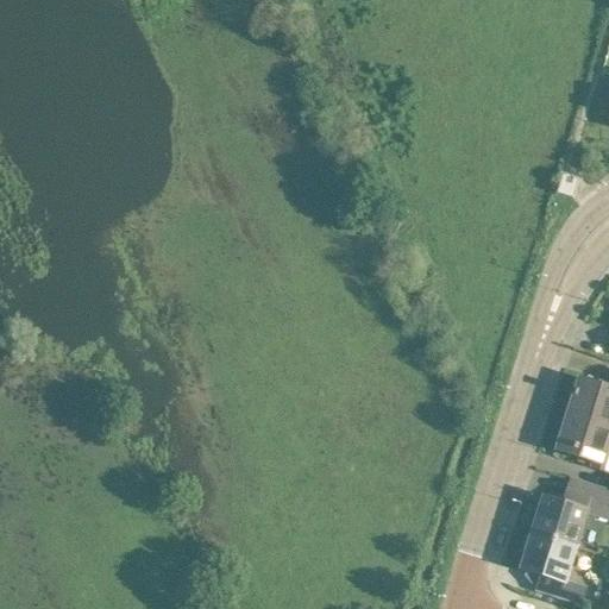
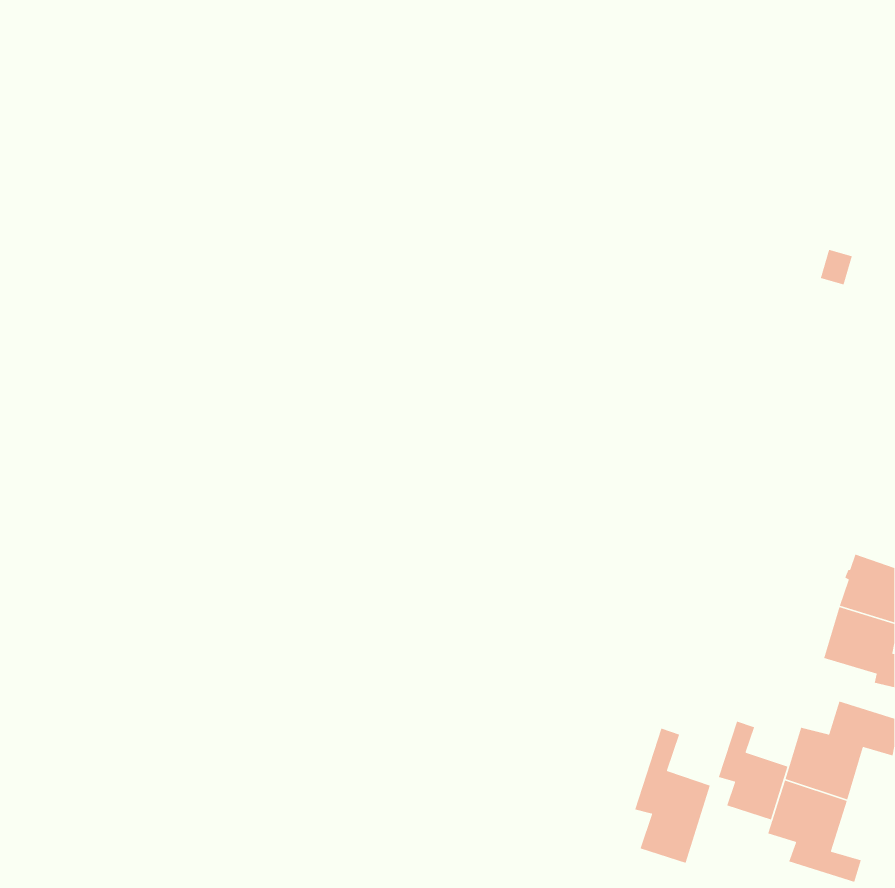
building: none -> [718,721,788,820]
building: none -> [634,728,711,864]

